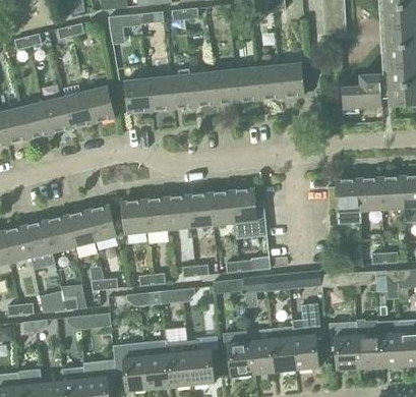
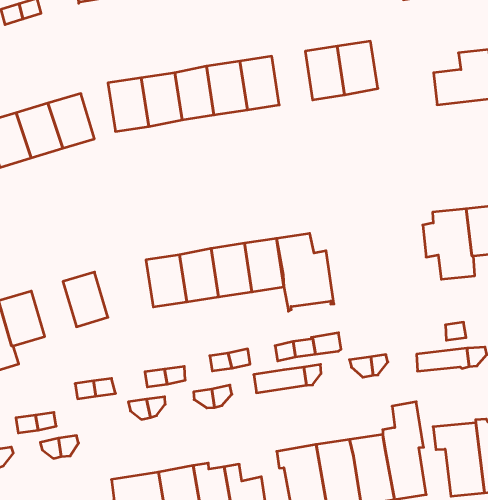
building: [235,68,260,103] -> none
building: [121,201,146,235] -> none
building: [66,212,95,247] -> none

